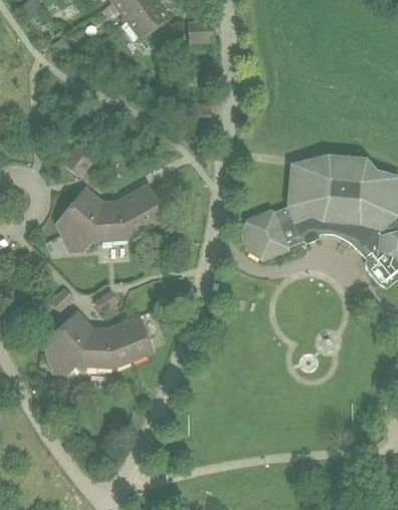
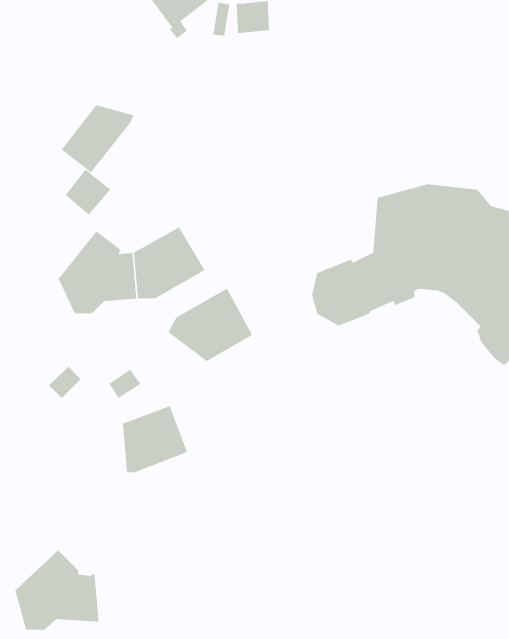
building: none -> [61,104,134,173]
building: none -> [167,288,253,362]
building: [44,312,107,371] -> [15,550,99,630]

